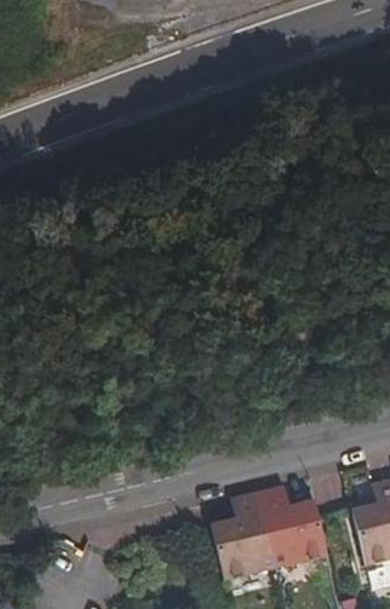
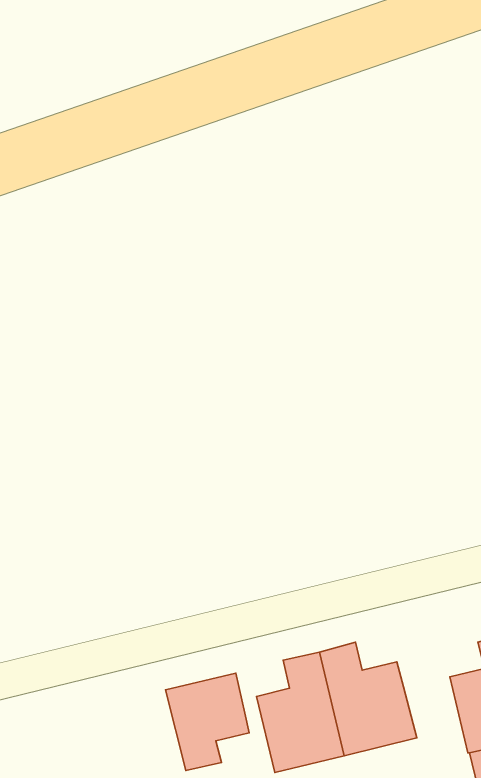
building: none -> [166,673,249,770]

